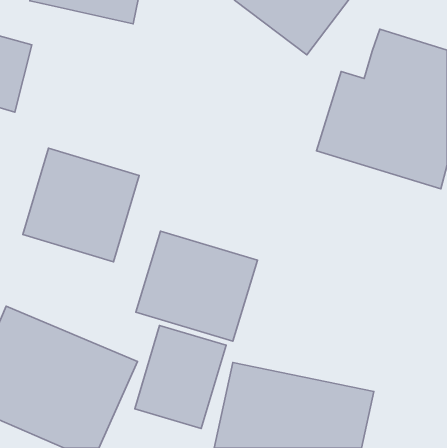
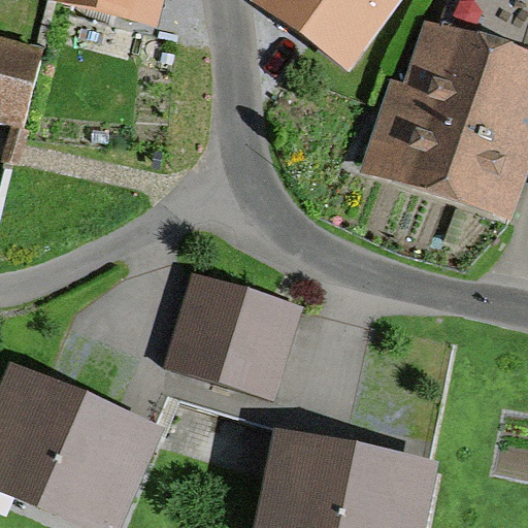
building: [23,148,139,262] -> none
building: [135,326,226,428] -> none

